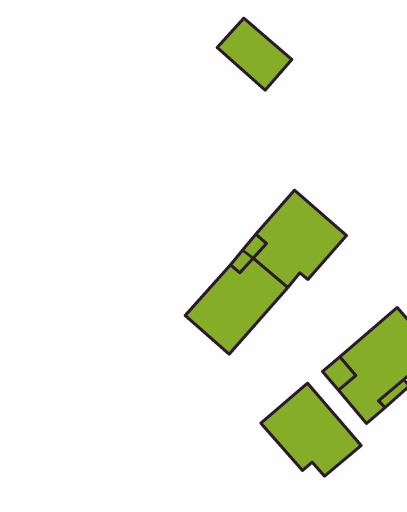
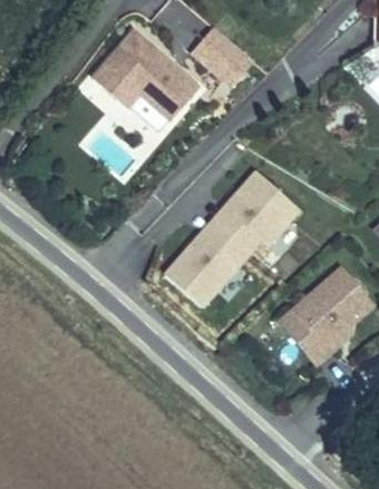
building: none -> [91,30,198,120]
building: [261,383,361,476] -> none

